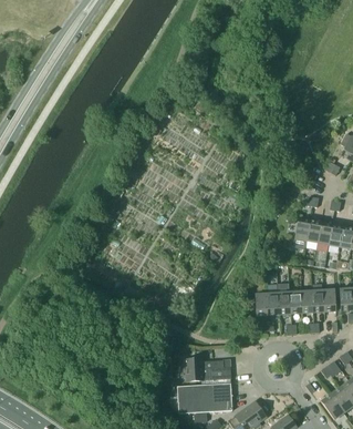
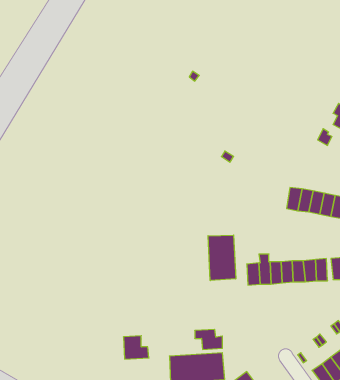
building: none -> [208,235,236,281]
building: [186,357,211,380] -> [123,336,149,359]

